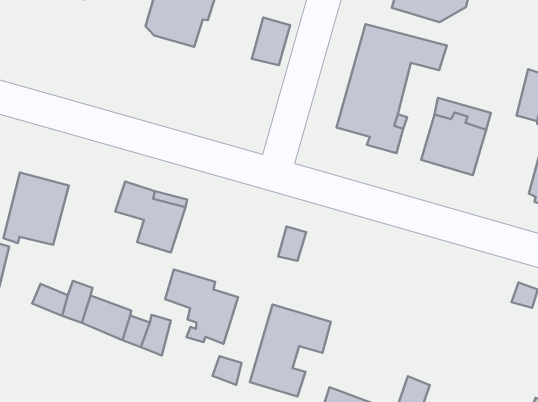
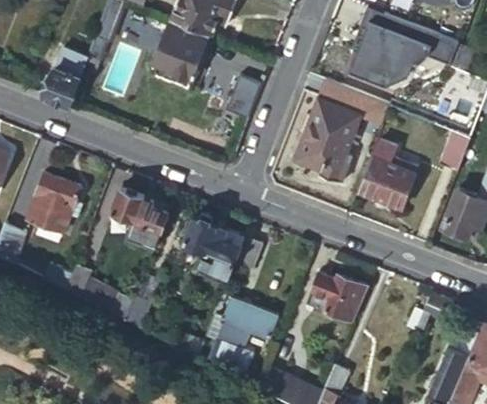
building: none -> [45,47,89,106]
building: none -> [307,272,369,321]
building: [165,269,238,344] -> [186,216,244,279]

